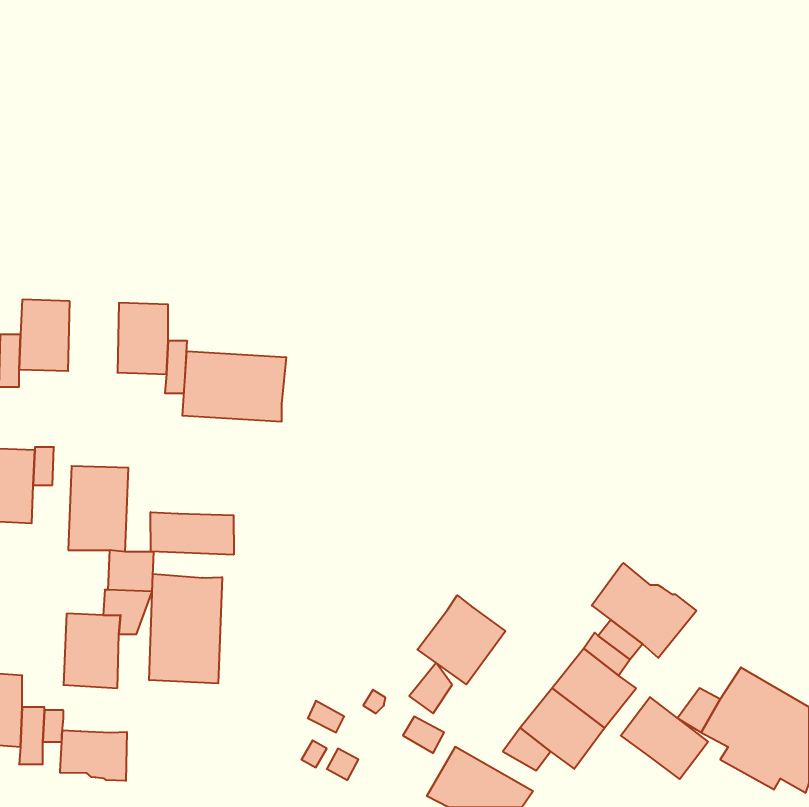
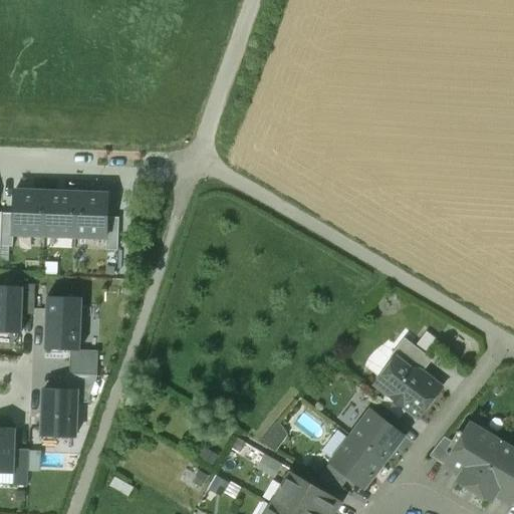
building: none -> [43,191,75,236]
building: [182,351,286,422] -> none
building: [151,512,234,555] -> none
building: none -> [390,336,432,372]
building: [149,574,222,683] -> none
building: [417,595,505,684] -> none
building: [621,697,708,779] -> none
building: [60,730,127,781] -> none

